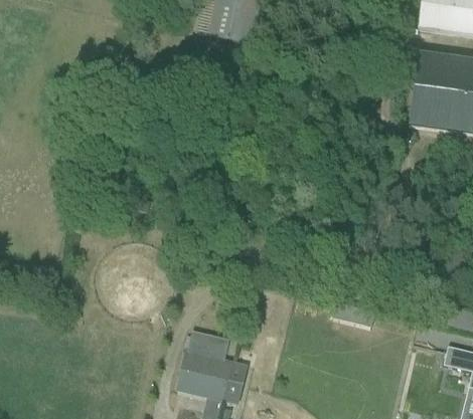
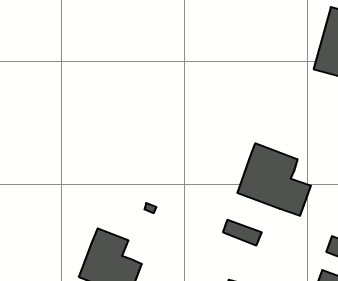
building: none -> [237,143,311,216]

